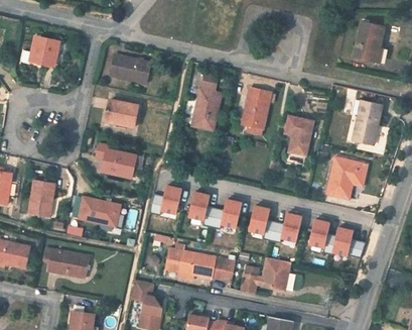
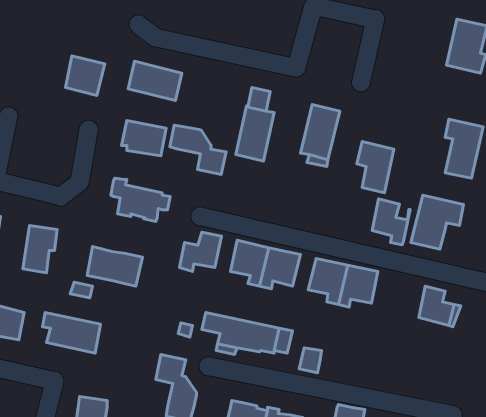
building: [30,36,60,67] -> [65,56,105,95]
building: none -> [170,125,226,175]
building: [308,219,337,254] -> [372,199,410,245]
building: [262,258,296,290] -> none

